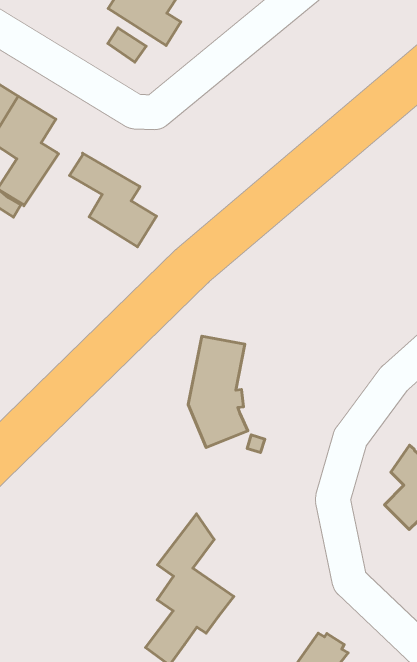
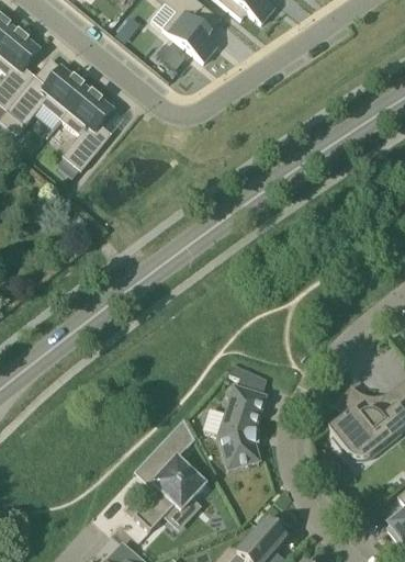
building: [69,153,156,247] -> none
building: [188,336,248,448] -> [218,384,267,469]

